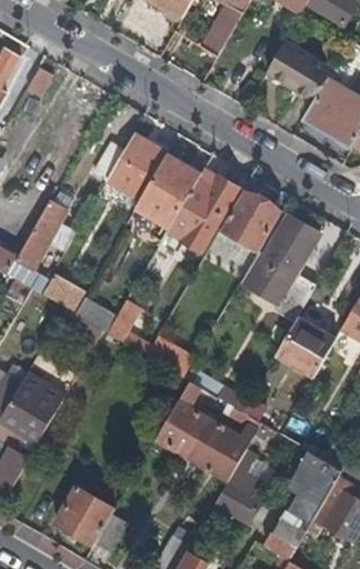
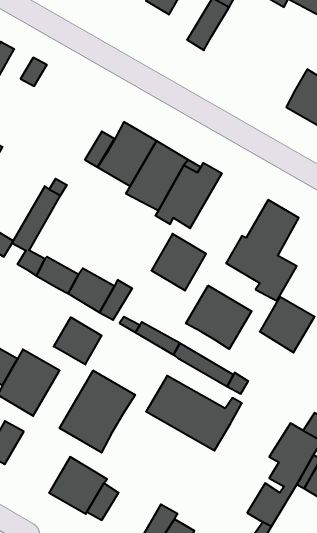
building: [266,41,332,101] -> none
building: [221,191,279,251] -> [151,234,206,291]
building: none -> [186,286,252,349]
building: none -> [54,317,102,365]
building: none -> [60,370,135,453]
building: [214,452,262,523] -> none

